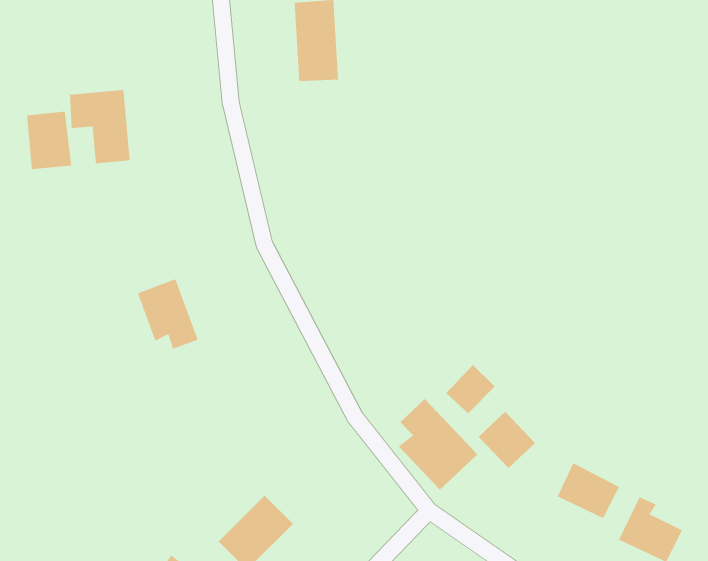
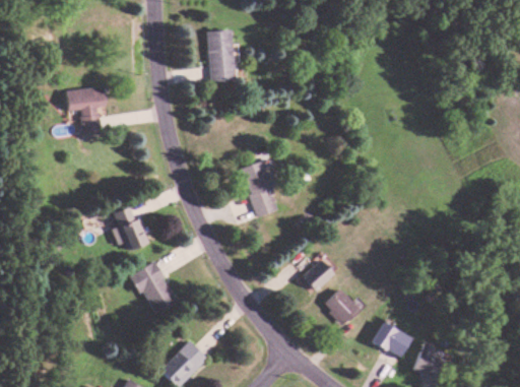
building: [27,111,72,170] -> none
building: none -> [241,159,278,217]
building: none -> [132,262,177,316]
building: [398,398,478,490] -> none

